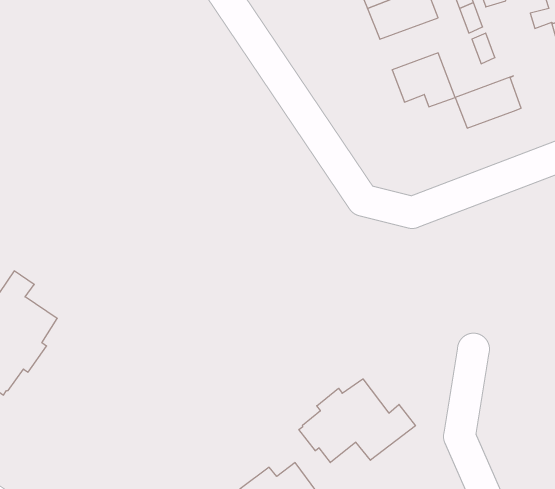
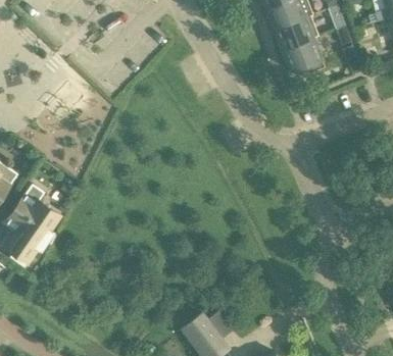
building: [455,76,521,128] -> [275,14,318,49]
building: [299,379,415,463] -> none

